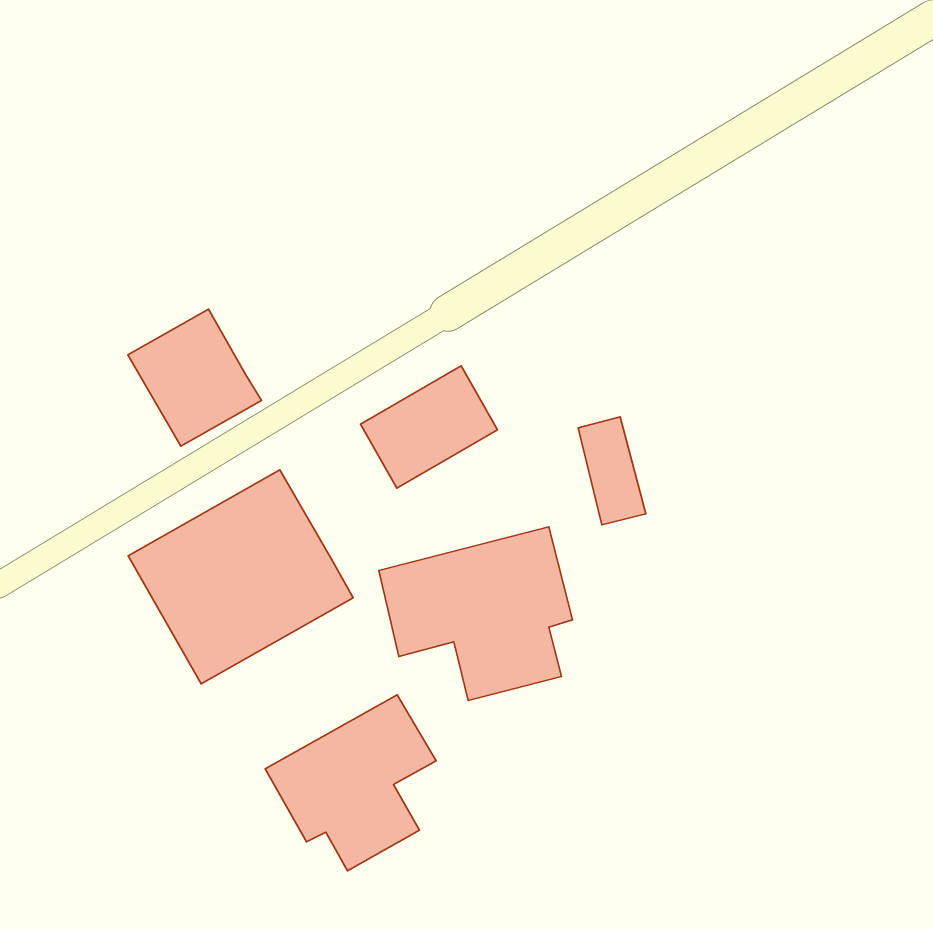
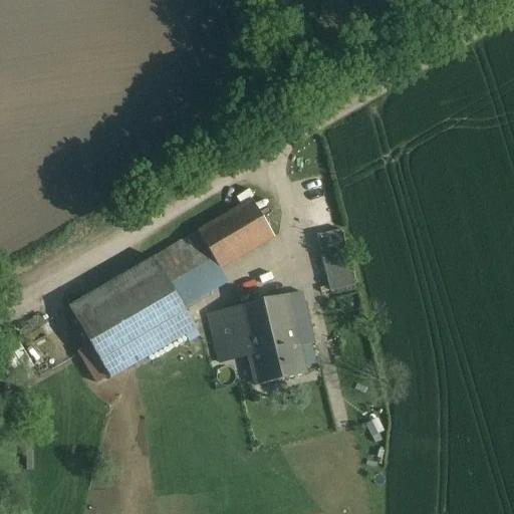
building: [128,309,261,446] -> [154,233,227,308]
building: [265,695,436,871] -> none

